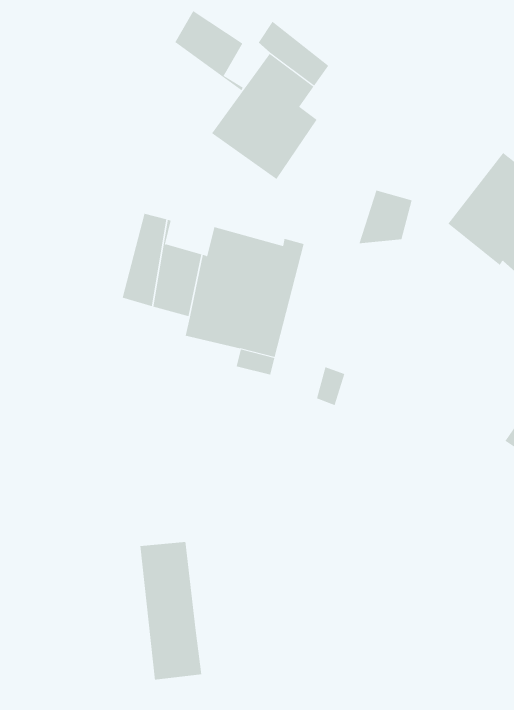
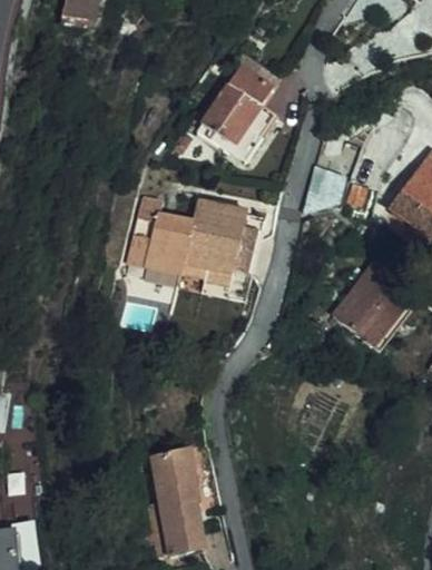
building: [175,10,244,91] -> none
building: none -> [335,266,420,352]
building: none -> [177,436,209,507]

